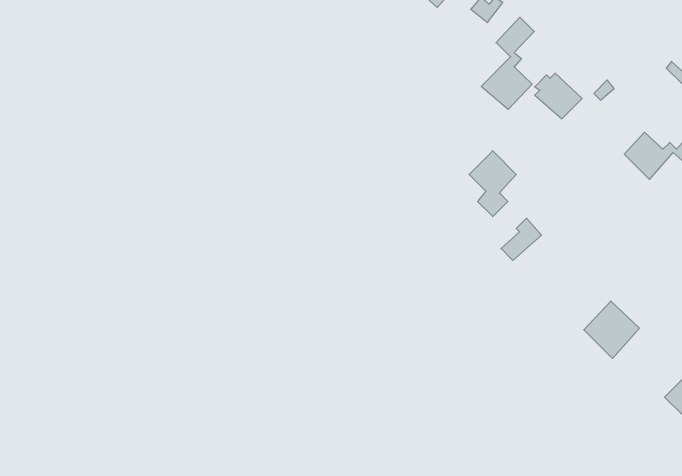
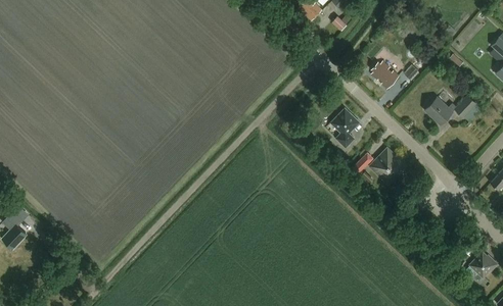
building: [481,17,534,109] -> none
building: [584,301,639,358] -> [370,149,404,184]

